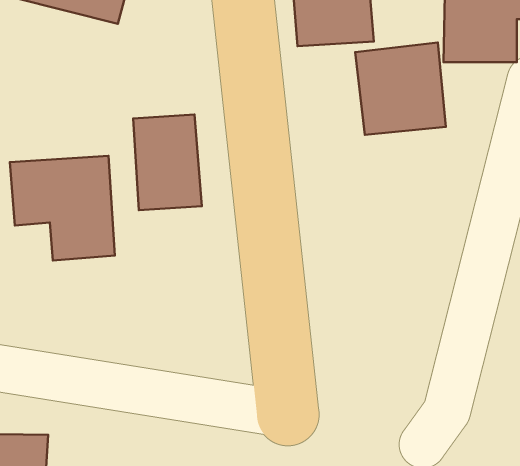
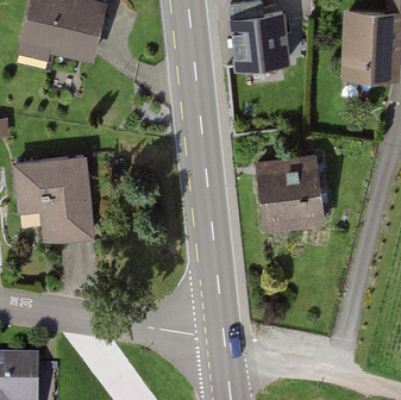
building: [355,43,446,135] -> [258,157,326,226]
building: [133,115,202,210] -> none

